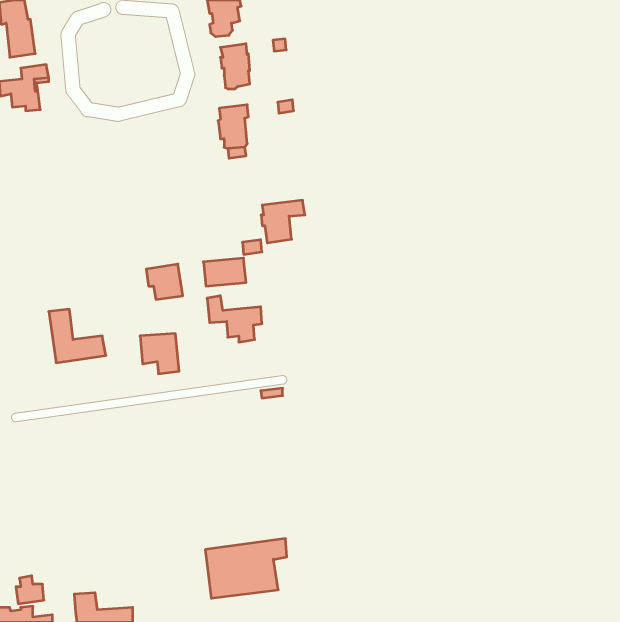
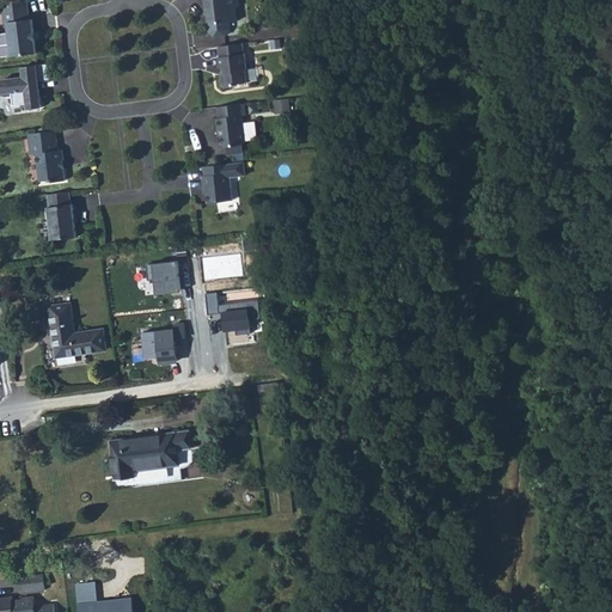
building: none -> [26,130,63,182]
building: none -> [45,191,74,239]
building: [261,200,305,243] -> [201,161,244,203]
building: [205,539,287,598] -> [109,430,189,489]

